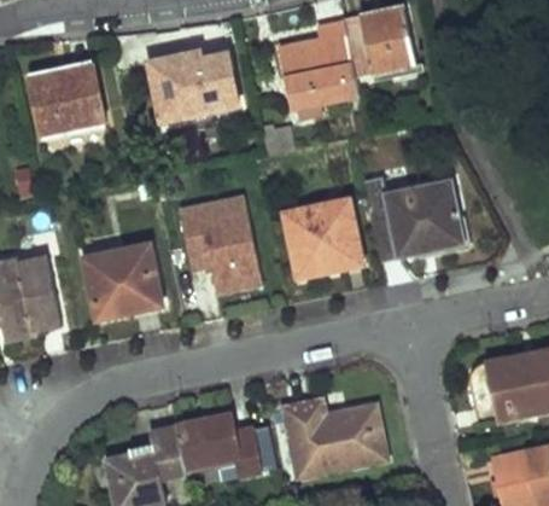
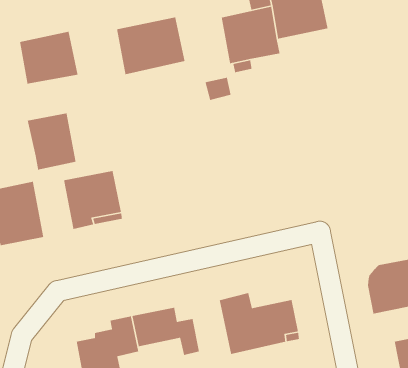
building: none -> [27,112,77,171]
building: [366,179,465,263] -> none
building: [175,192,262,297] -> none
building: [287,200,364,280] -> none

